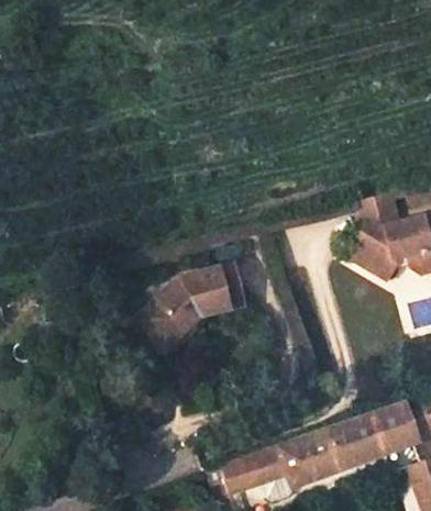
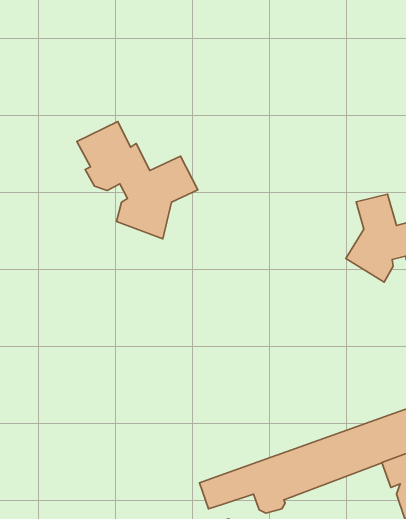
building: none -> [77,121,198,239]
building: [139,264,247,348] -> none

